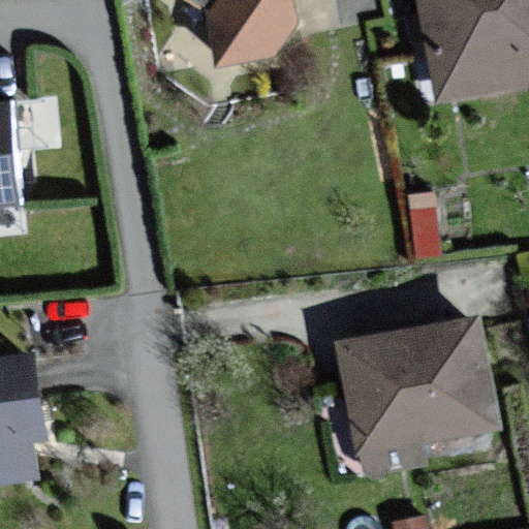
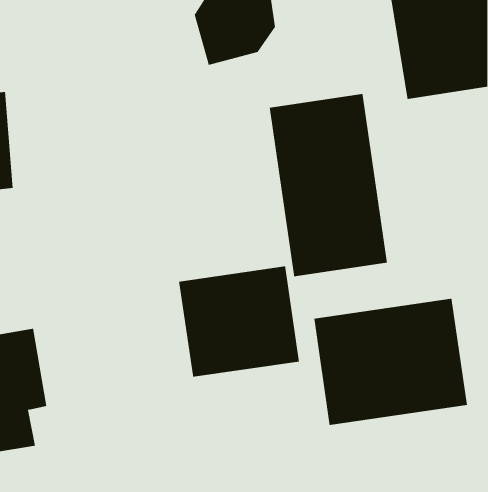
building: none -> [269,93,388,277]
building: none -> [179,266,300,378]

